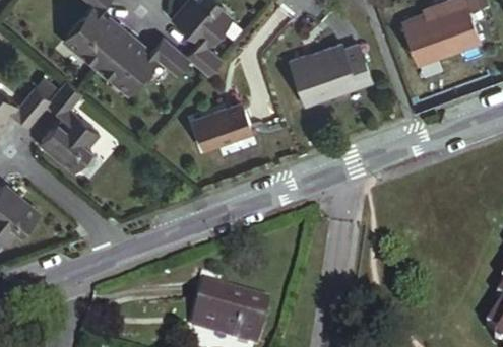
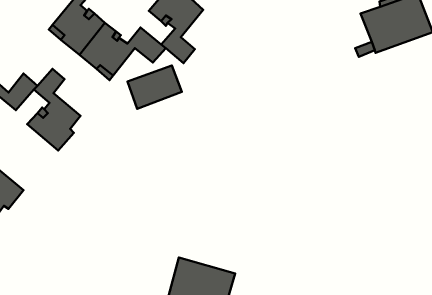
building: [289,44,372,105] -> none
building: [193,102,252,149] -> [128,66,182,109]

